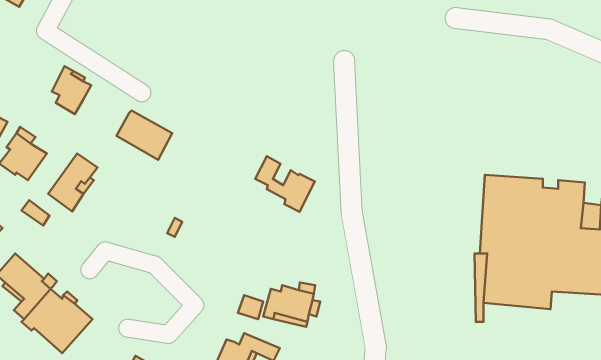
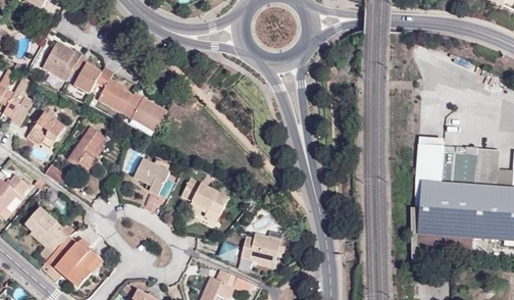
building: none -> [42,40,82,81]
building: none -> [95,65,132,112]
building: [255,156,315,212] -> [181,177,228,221]
building: none -> [134,157,169,194]

